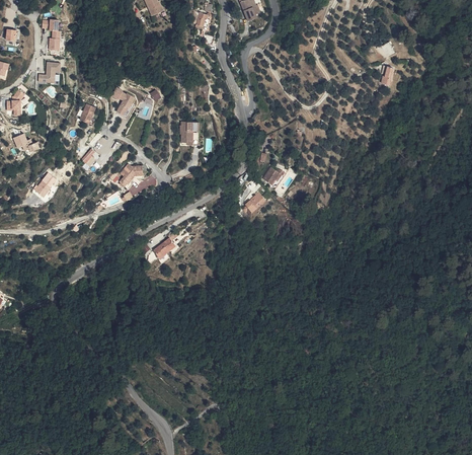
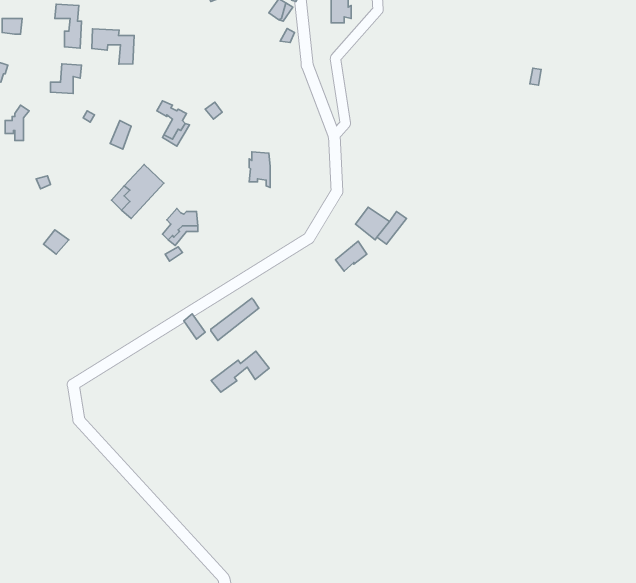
building: none -> [92,29,134,64]
building: none -> [211,351,269,392]

